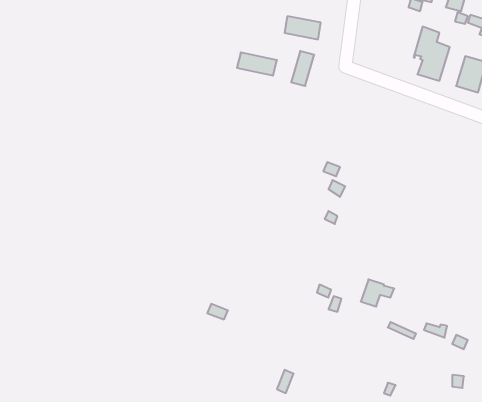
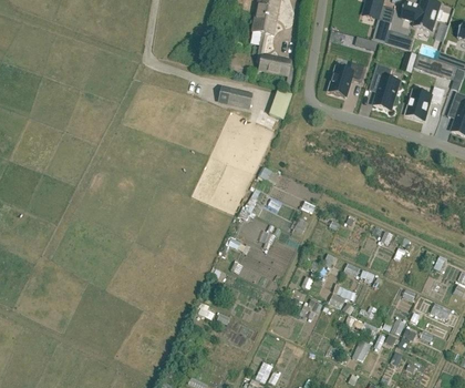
building: none -> [330,62,368,98]

